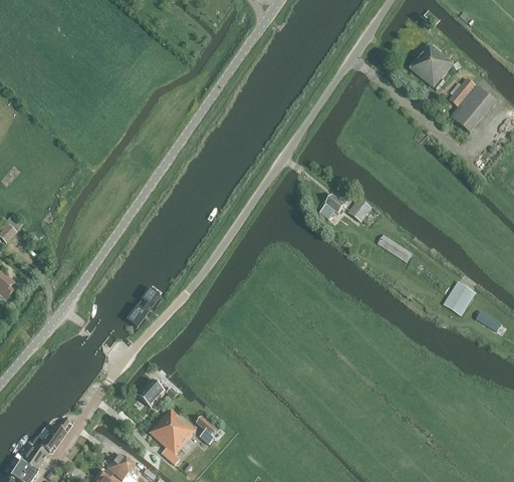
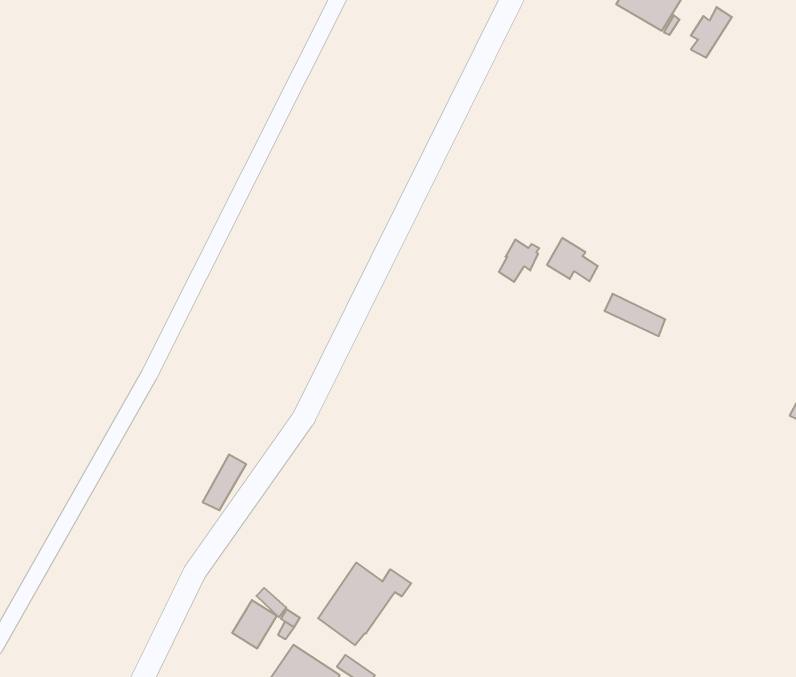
building: [450,85,495,132] -> none
building: [443,281,474,314] -> none
building: none -> [318,563,411,645]

